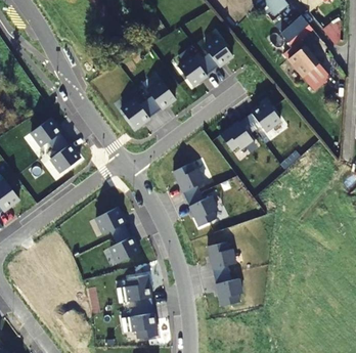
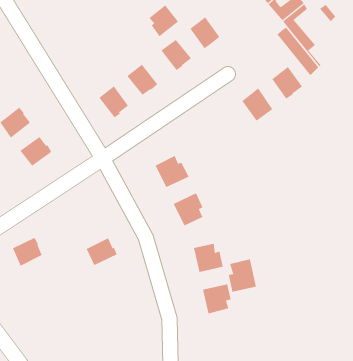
building: none -> [148,5,179,37]
building: none -> [271,66,303,100]
building: [220,121,253,150] -> none
building: [96,207,124,233] -> [12,237,43,266]
building: none -> [228,259,257,293]
building: [126,274,151,301] -> none
building: [130,312,158,338] -> none

